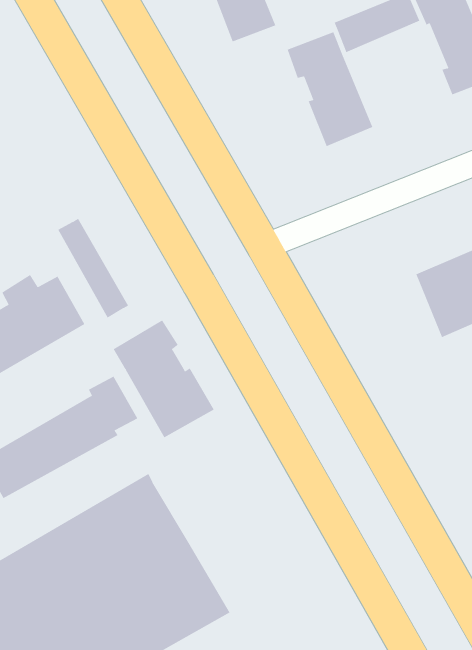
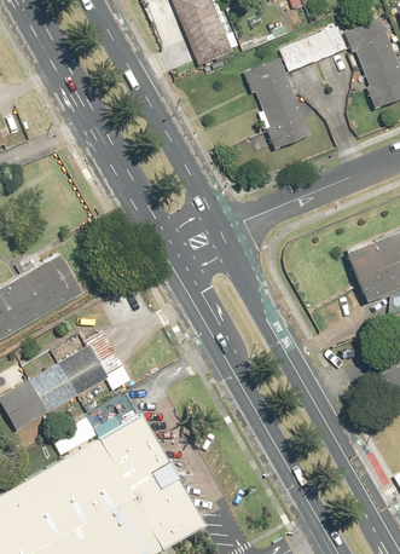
building: [57,218,129,319] -> none
building: [113,319,214,438] -> none

